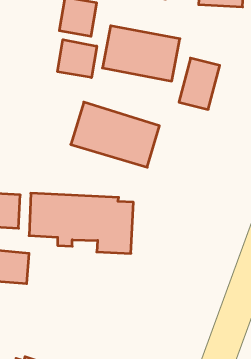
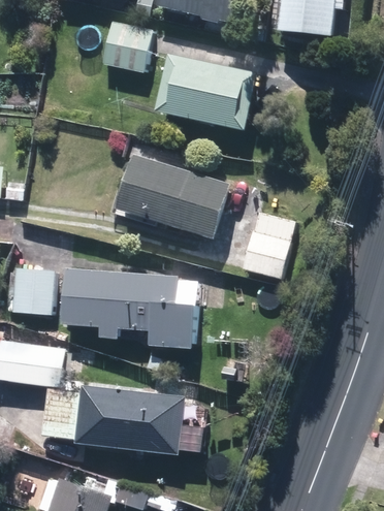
building: [58,40,97,78] -> none
building: [179,58,220,109] -> [243,213,294,278]
building: none -> [43,383,181,451]

